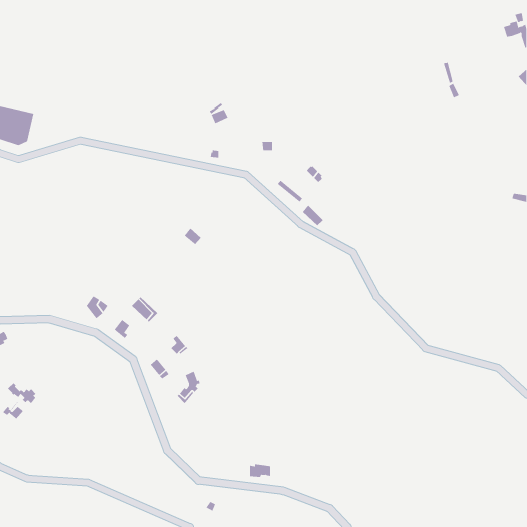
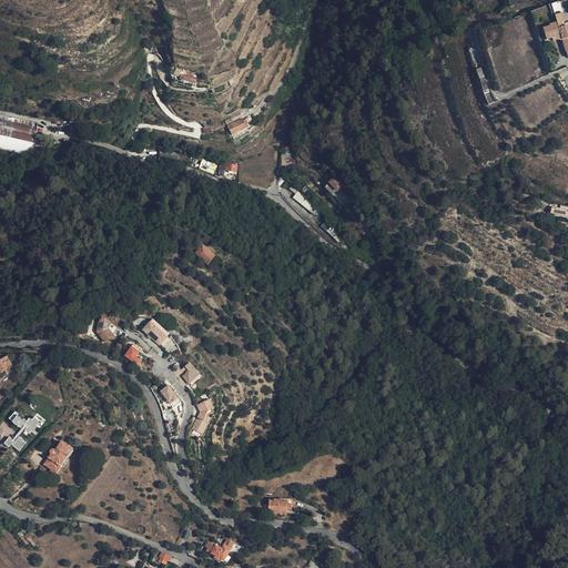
building: none -> [43,438,72,471]

